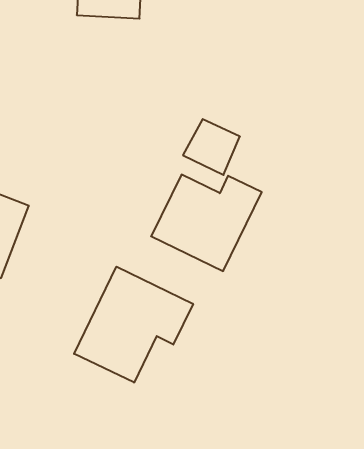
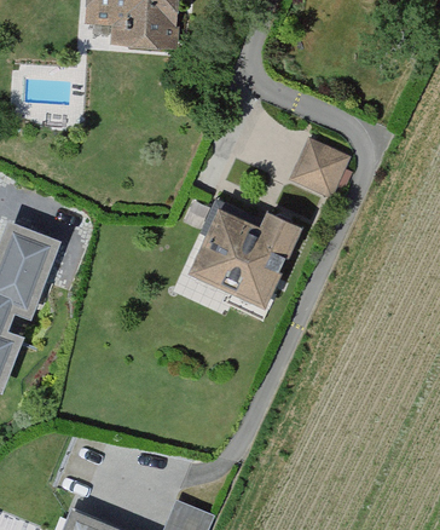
building: [183,119,240,175] -> [289,140,348,198]
building: [74,267,193,383] -> none

